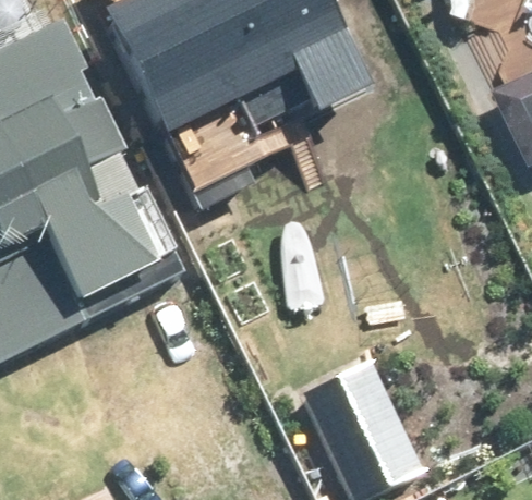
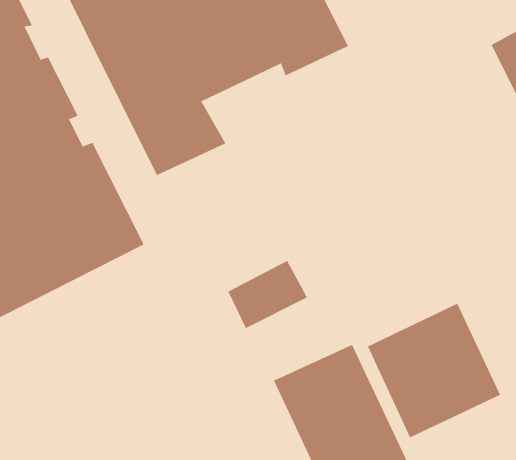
building: none -> [367,303,501,438]

